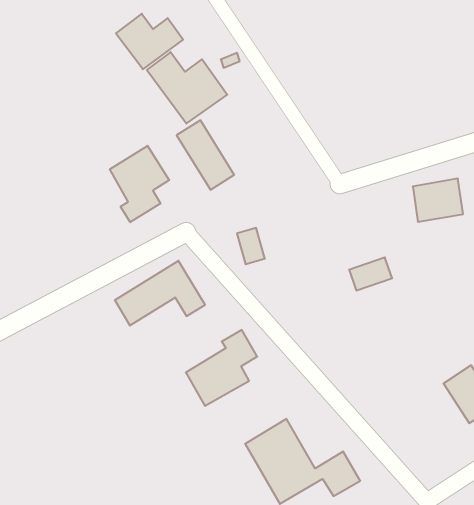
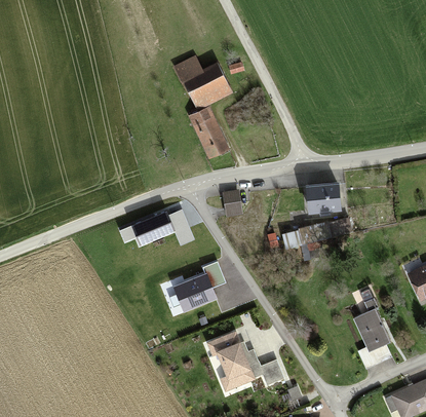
building: [116,14,183,69] -> none
building: [110,146,169,222] -> none
building: [413,179,463,222] -> [308,185,341,212]

